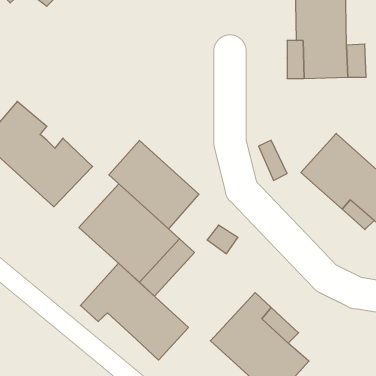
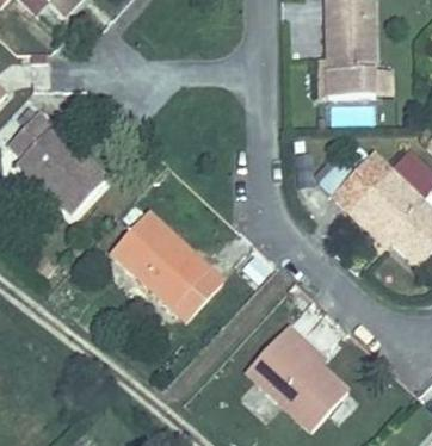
building: [109,140,199,229] -> none
building: [80,263,188,360] -> none

